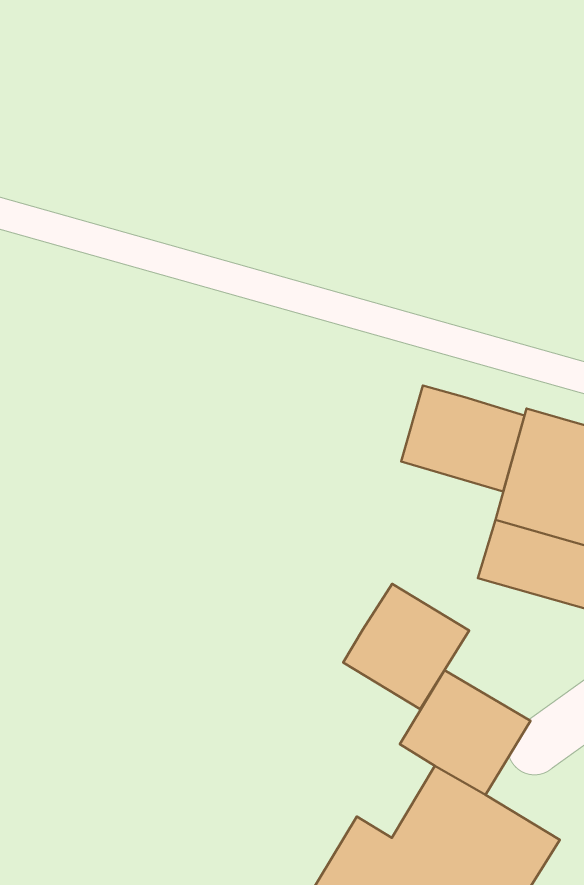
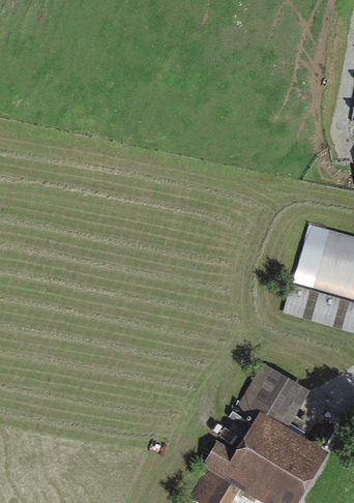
building: [401,385,525,491] -> none
building: [343,584,469,709] -> none

